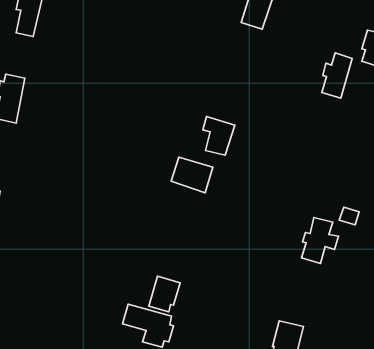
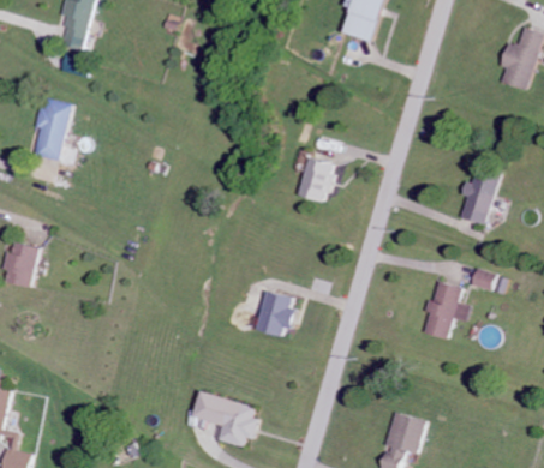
building: [322,53,352,98] -> [460,167,498,224]
building: [171,157,213,193] -> none
building: [149,276,180,312] -> [258,290,298,336]

